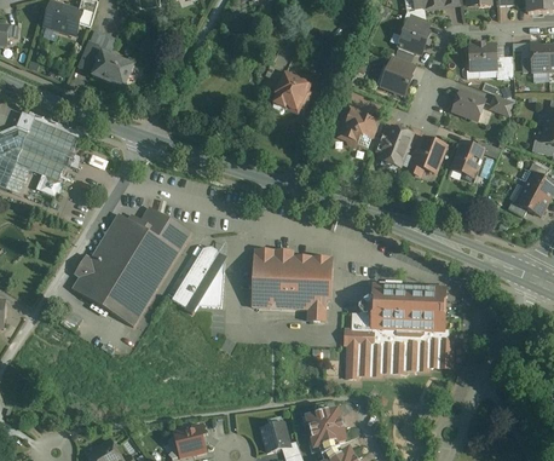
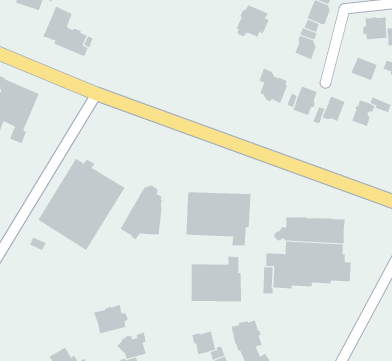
building: [271,73,312,113] -> [236,4,270,37]
building: [139,212,190,249] -> none
building: none -> [191,256,241,302]
building: none -> [93,304,128,334]

